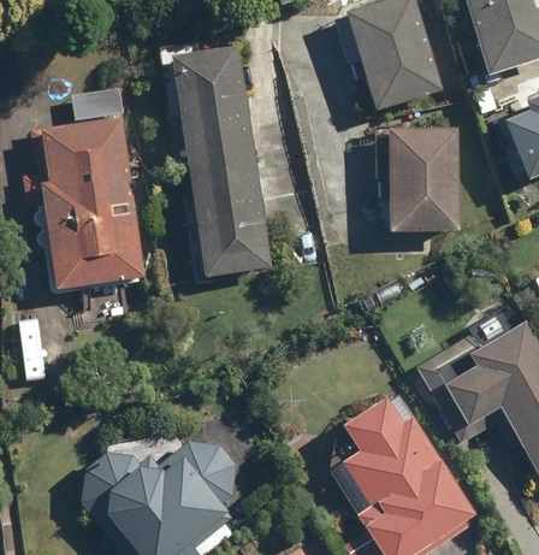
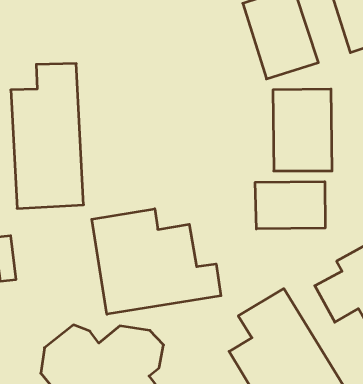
building: [170,41,272,276] -> none
building: none -> [255,182,325,229]
building: none -> [92,209,221,314]

